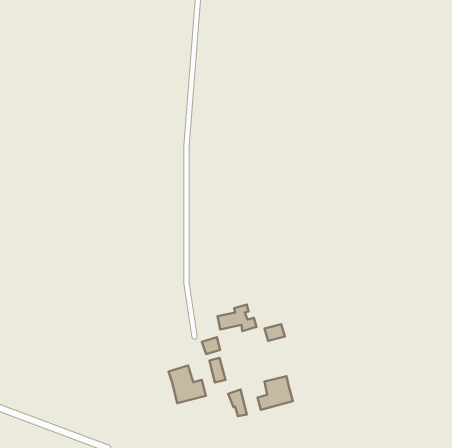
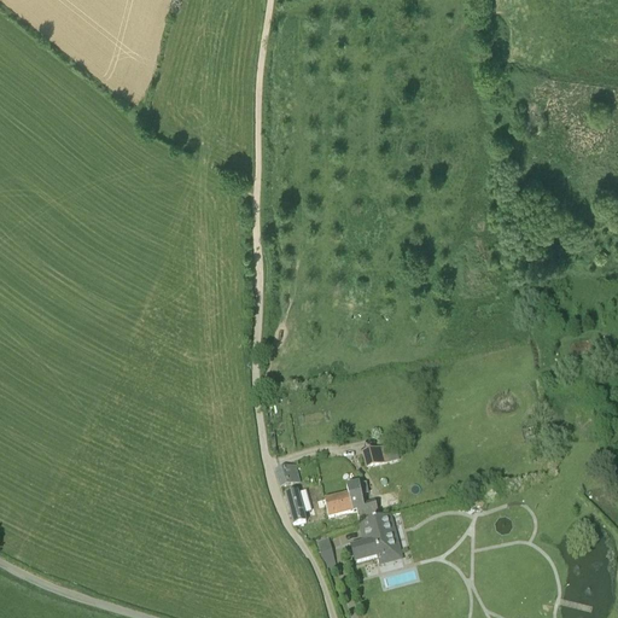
building: [217,305,256,331] -> [325,479,378,515]
building: [169,365,206,403] -> none

